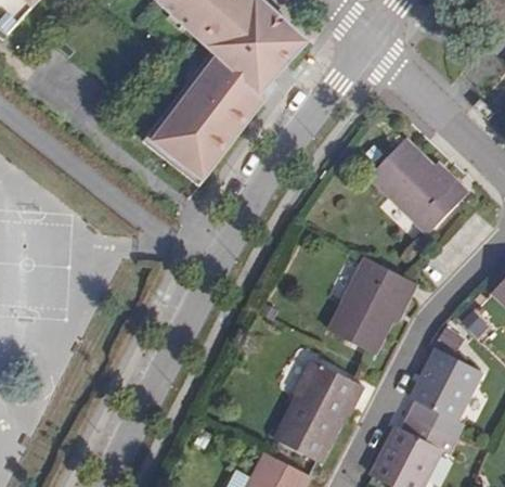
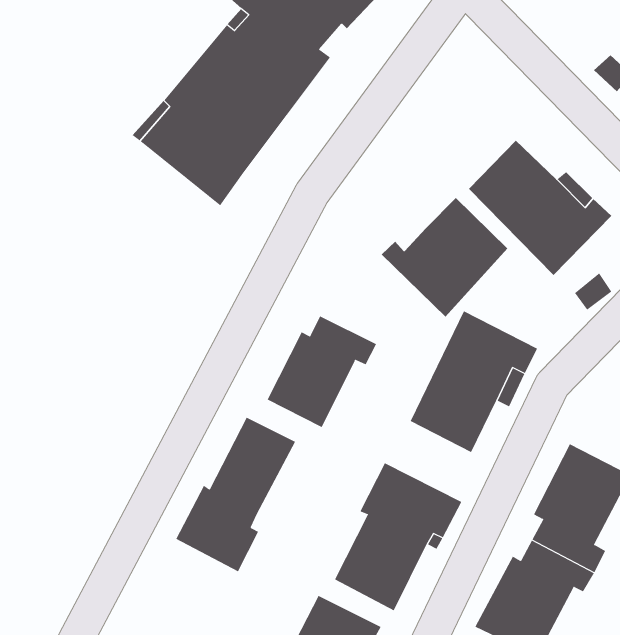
building: none -> [381,197,508,317]
building: none -> [267,316,377,428]
building: none -> [176,417,296,572]

